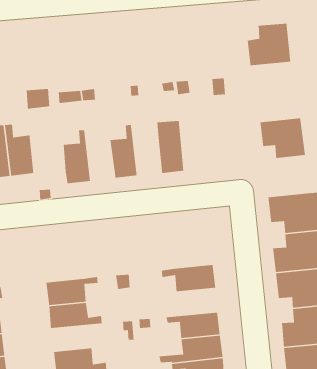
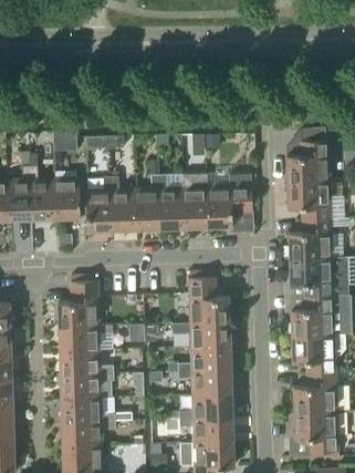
building: [247,23,291,66] -> [285,141,328,182]
building: none -> [206,174,252,226]
building: none -> [157,174,184,227]
building: none -> [109,176,136,229]
building: none -> [54,177,87,217]
building: none -> [288,219,332,258]
building: none -> [187,278,229,323]
building: none -> [58,281,97,328]
building: none -> [177,347,230,372]
building: none -> [60,374,113,399]

